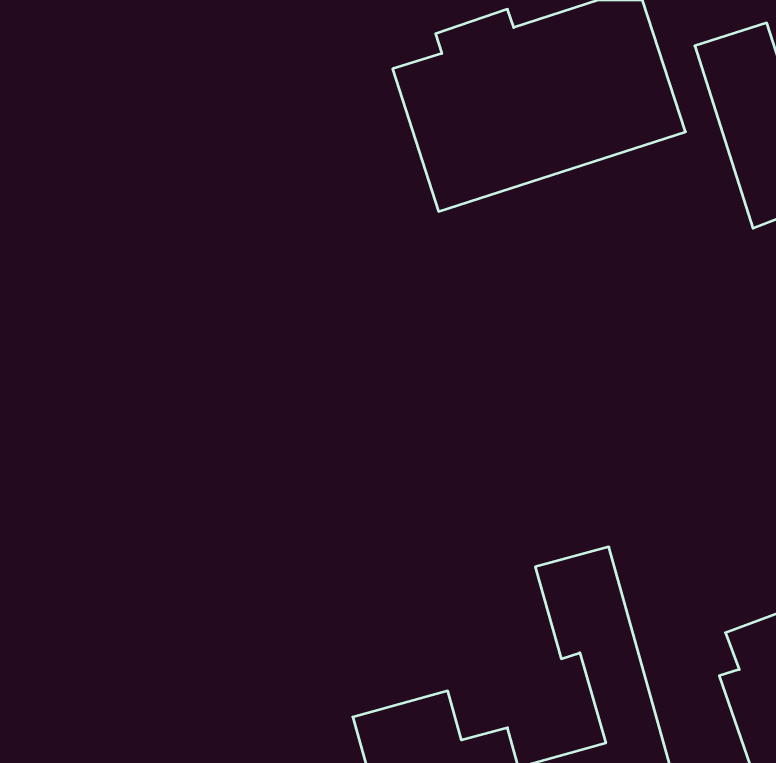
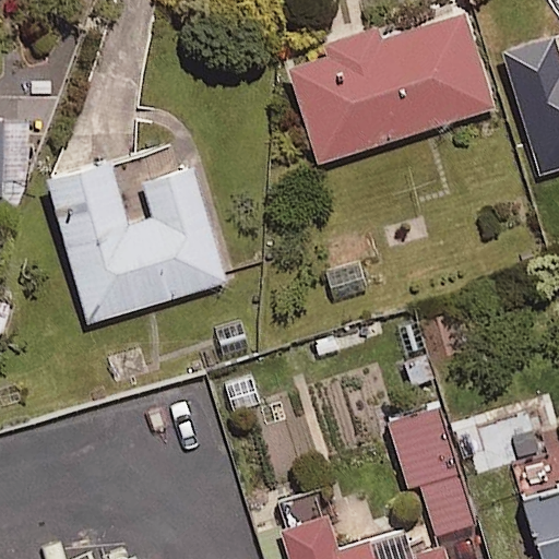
building: none -> [55,175,231,335]

